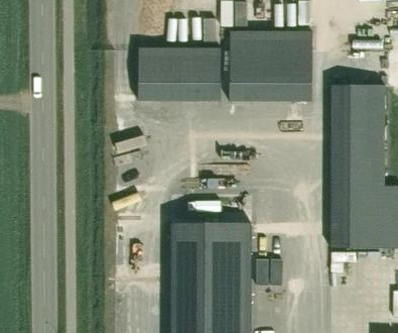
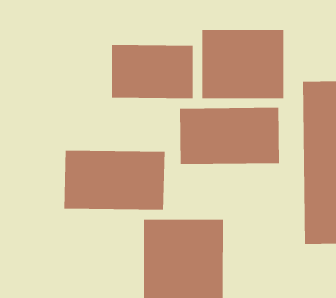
building: none -> [180,107,279,165]
building: none -> [64,150,165,211]

